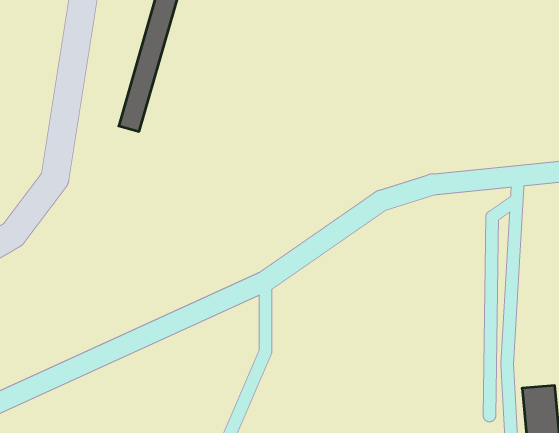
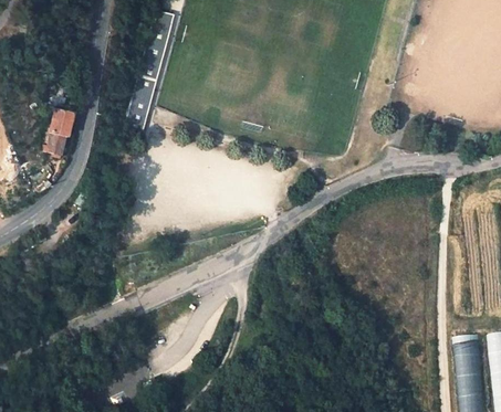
building: none -> [45,108,72,156]

